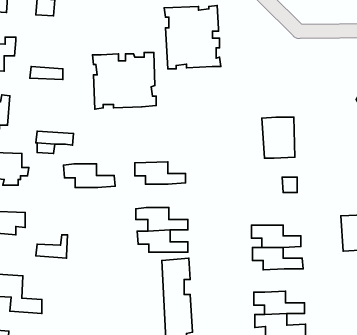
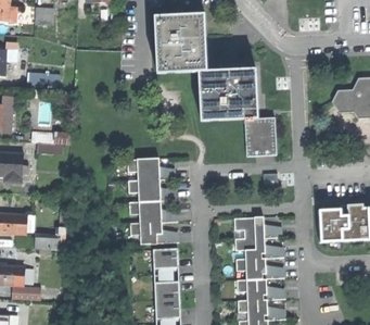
building: [92,53,156,109] -> [199,68,257,121]
building: [63,164,115,187] -> [127,179,175,201]
building: none -> [235,258,282,279]

